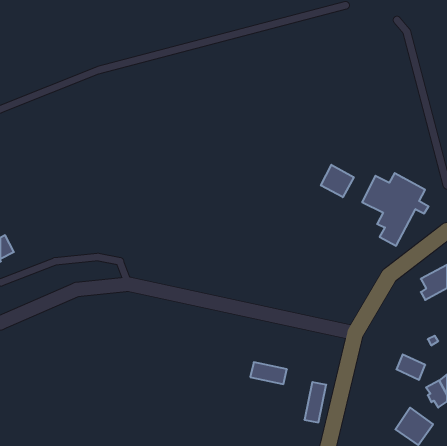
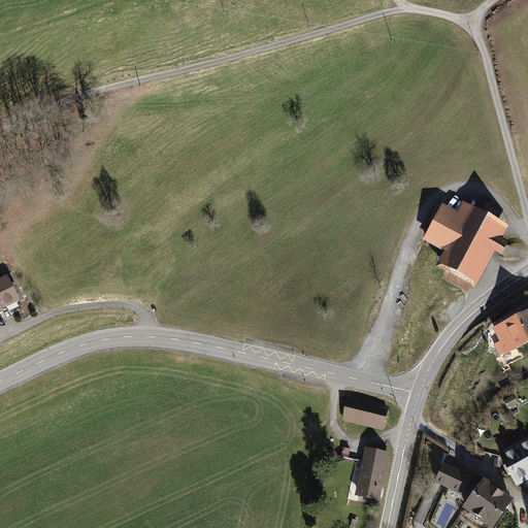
building: [321,165,354,197] -> none
building: [396,354,425,380] -> [436,463,470,493]
building: [250,362,287,384] -> [344,399,388,425]

